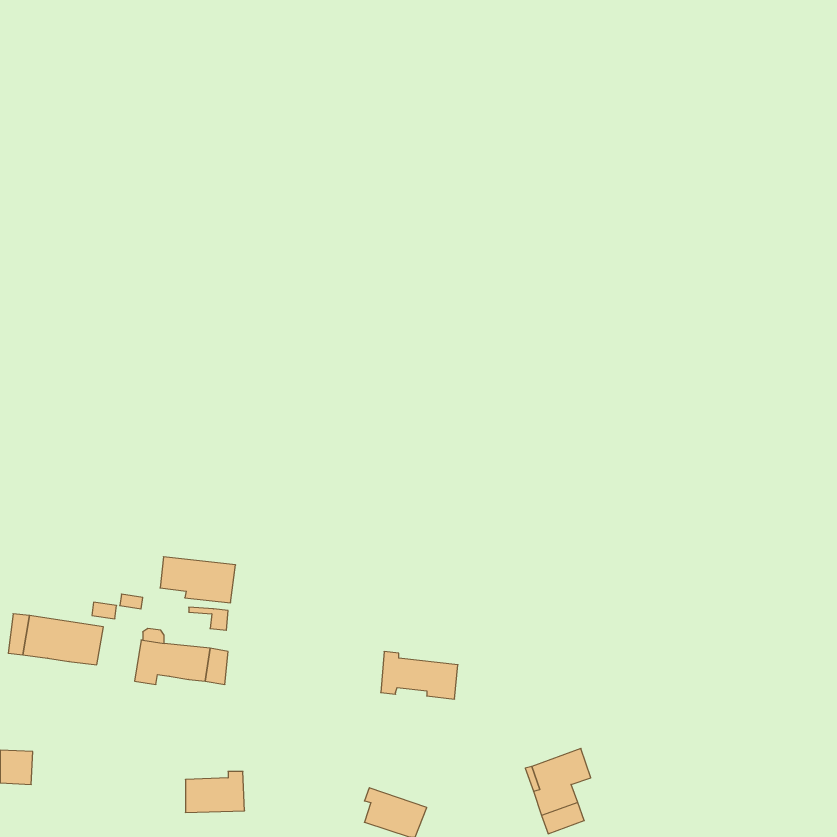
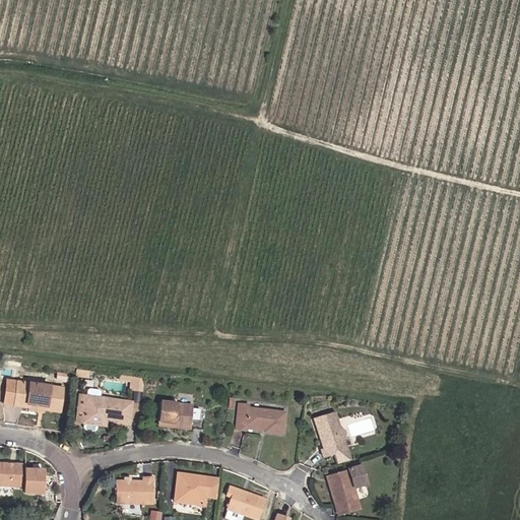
building: [160,557,236,603] -> [157,401,204,430]
building: none -> [315,411,349,462]
building: none -> [26,468,49,496]
building: none -> [173,473,217,506]

